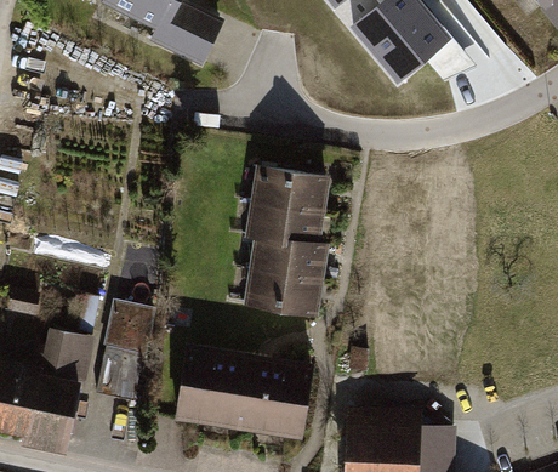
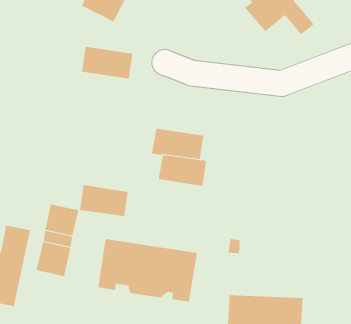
building: [256,167,325,211] -> [81,46,133,79]
building: [254,269,319,312] -> [79,185,129,217]

